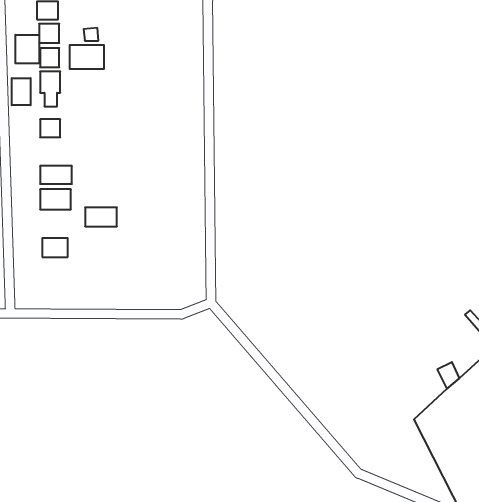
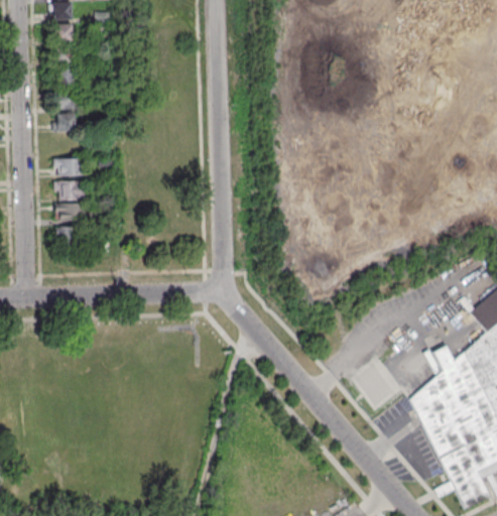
building: [15,35,39,63] -> none
building: [70,45,104,69] -> none
building: [12,78,31,105] -> none
building: [85,207,117,226] -> [55,204,86,222]

